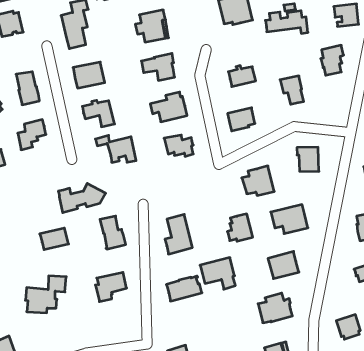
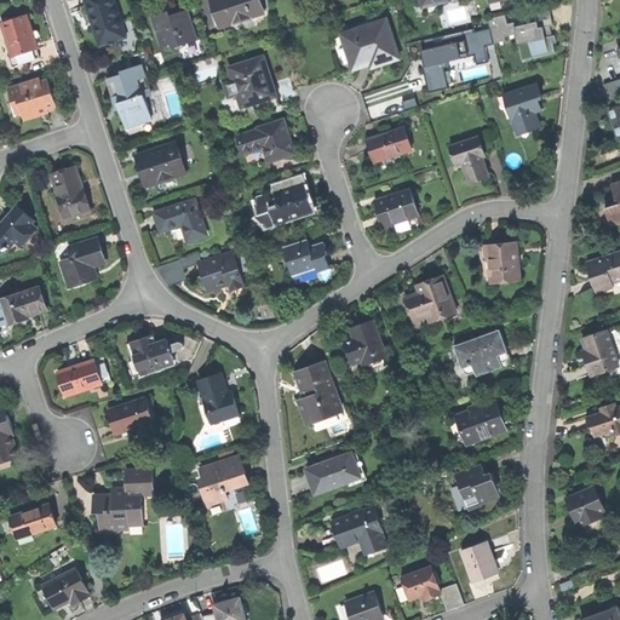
building: none -> [57,358,110,397]
building: [227,214,253,241] -> [346,322,385,364]
building: [200,258,235,289] -> [331,506,386,555]

